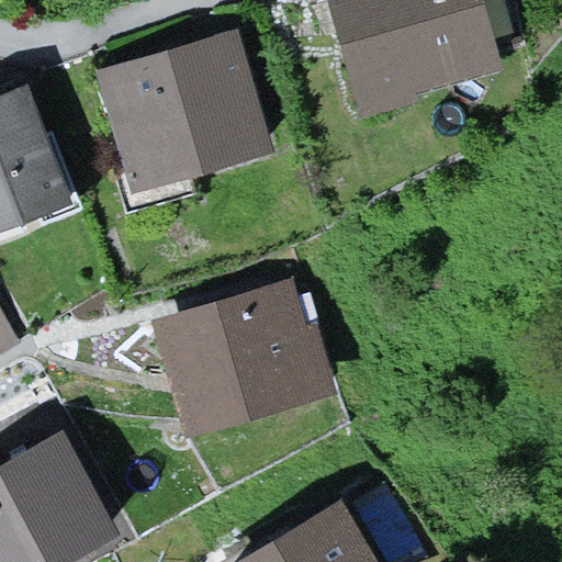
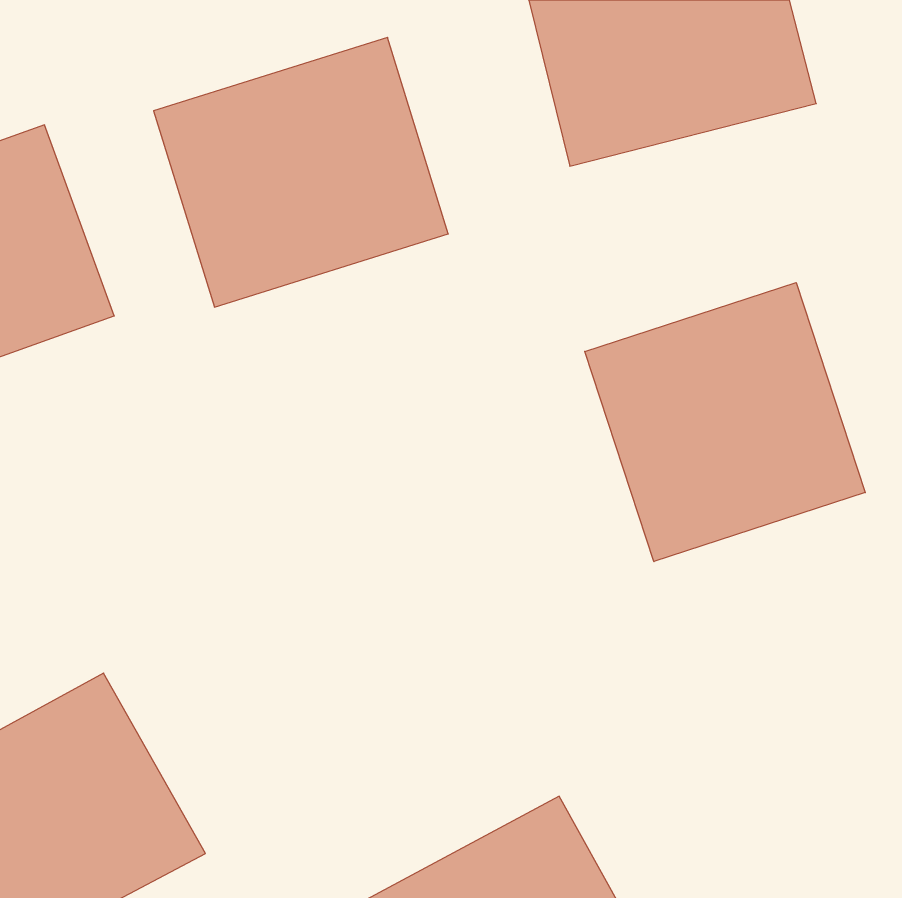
building: none -> [585,283,865,562]
building: [149,269,345,441] -> none

